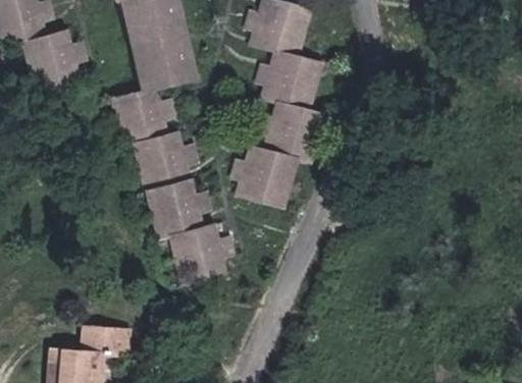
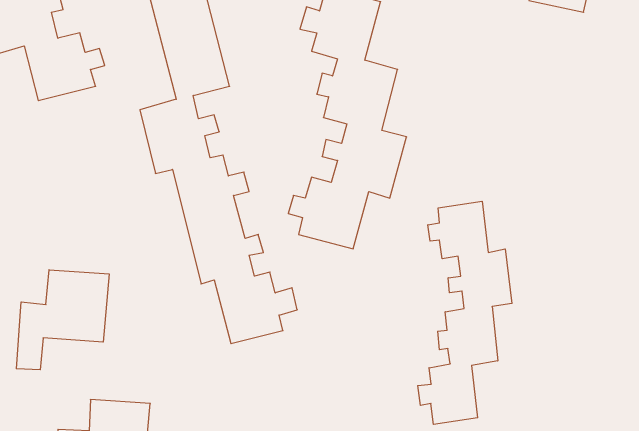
building: none -> [418,201,512,424]
building: none -> [16,270,109,370]

